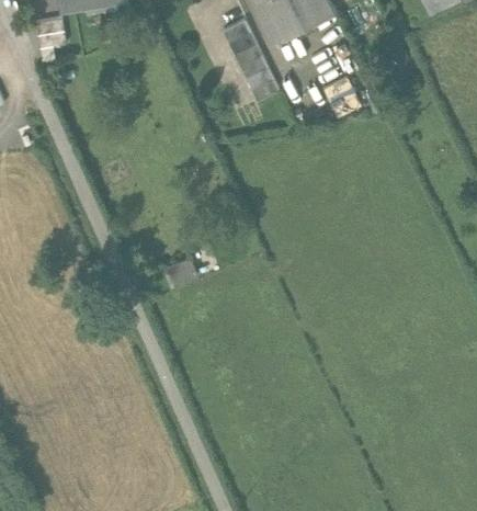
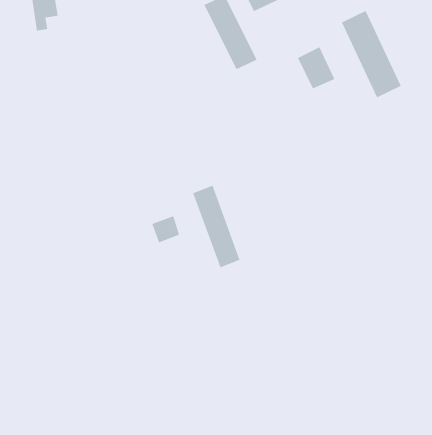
building: none -> [341,10,401,98]
building: none -> [193,185,240,268]

